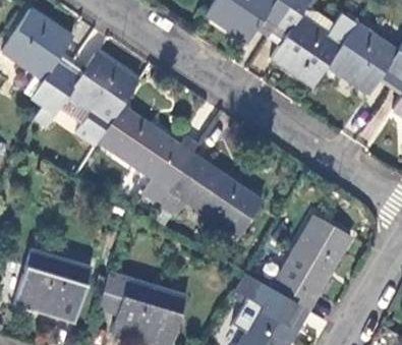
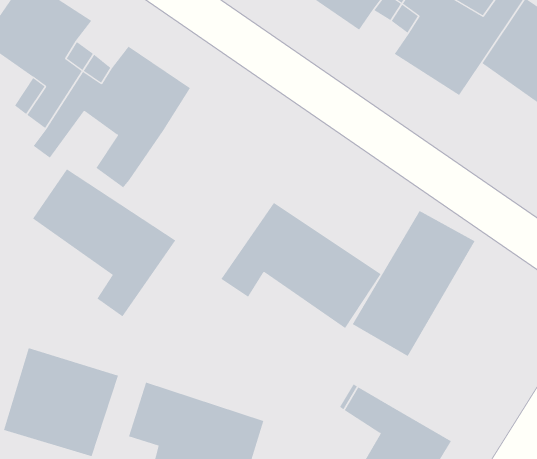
building: [99,108,192,205] -> [32,169,176,317]
building: [272,215,352,310] -> [352,210,475,357]

